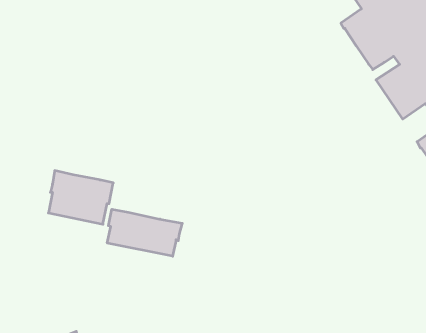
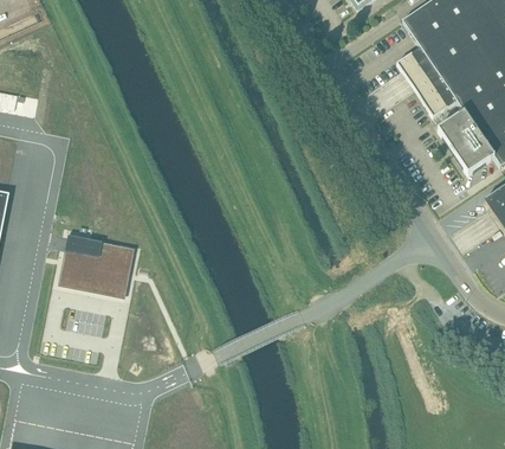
building: [107,209,182,256] -> none

